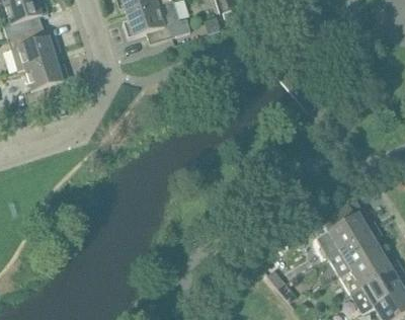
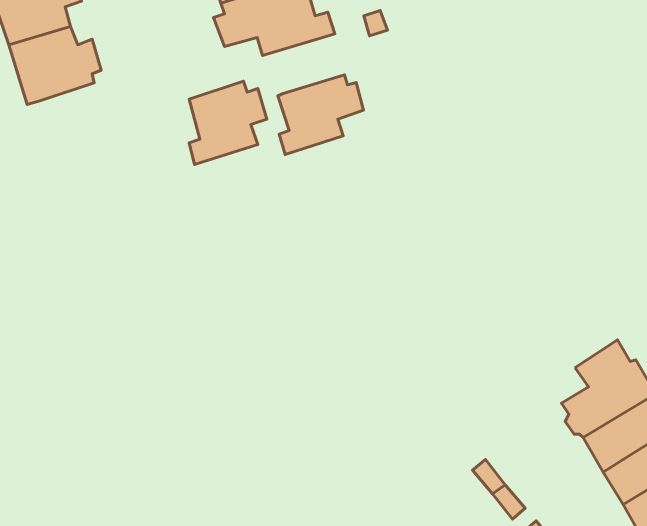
building: none -> [278,75,363,154]
building: [24,58,68,104] -> [189,81,267,164]

